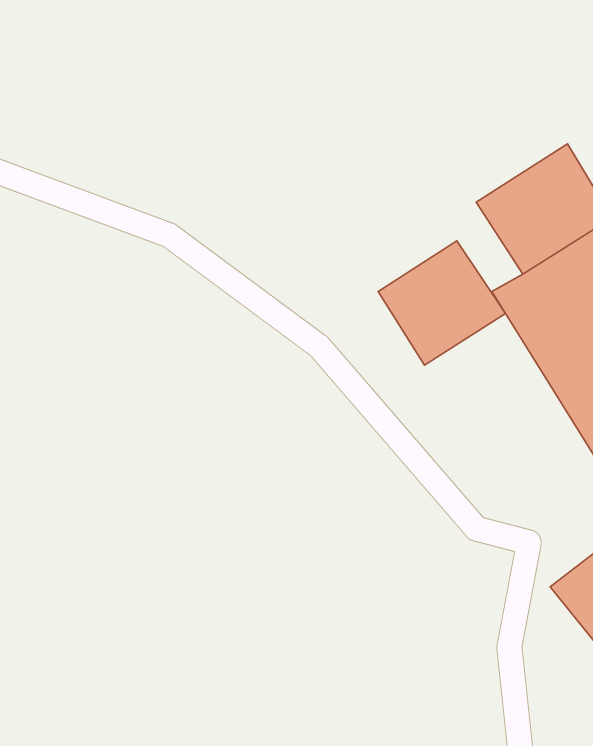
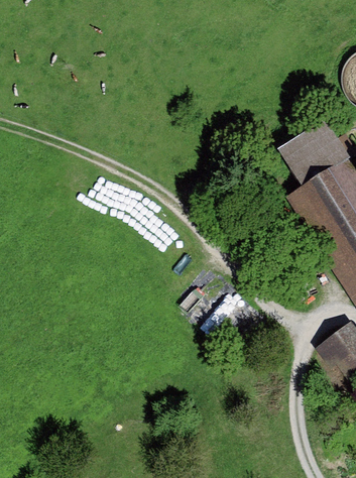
building: [378,241,505,365] -> none

